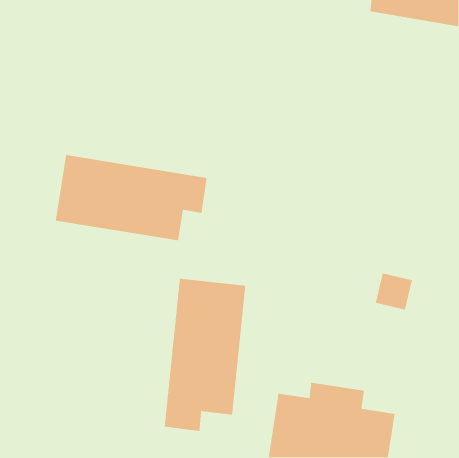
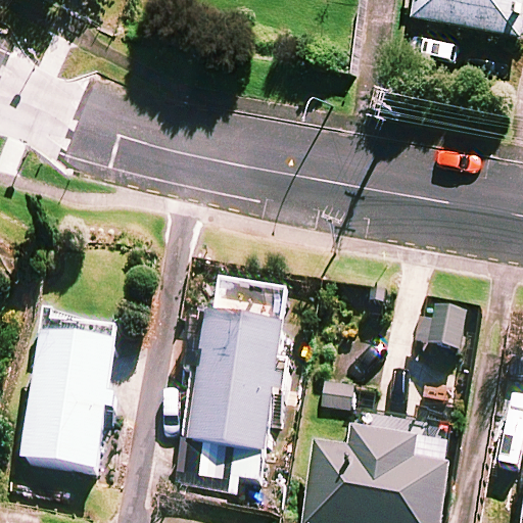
building: [55,154,208,241] -> none
building: none -> [21,313,120,469]

